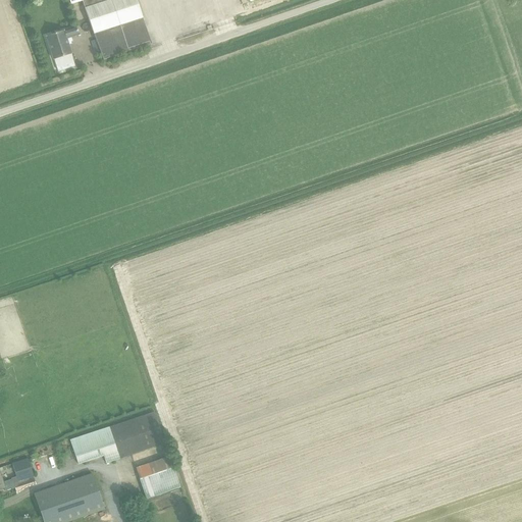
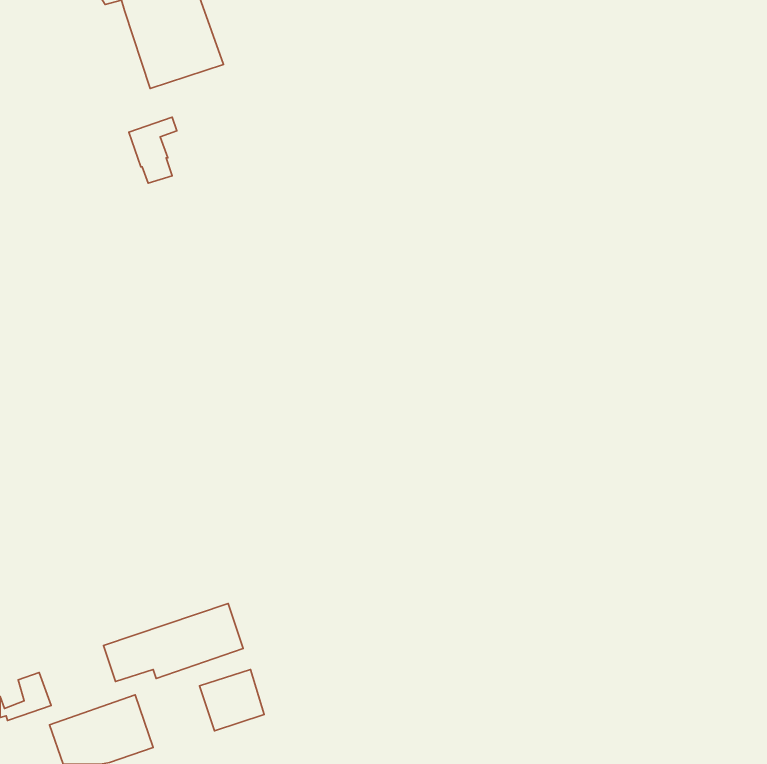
building: [45,24,77,69] -> [129,117,177,183]

